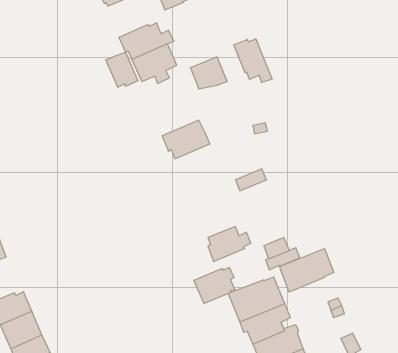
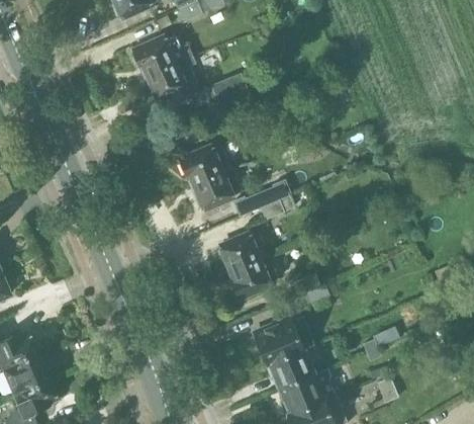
building: [234,39,272,83] -> none
building: [106,52,138,87] -> none
building: none -> [193,169,241,209]
building: none -> [232,181,289,216]
building: [279,249,334,292] -> none
building: [194,268,235,303] -> [218,233,264,272]

